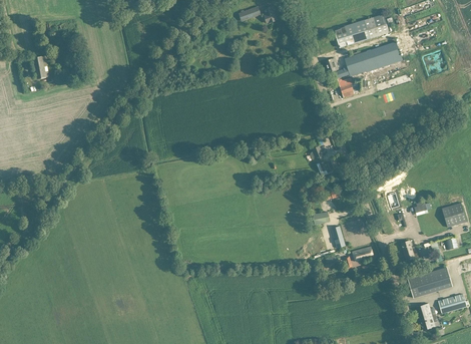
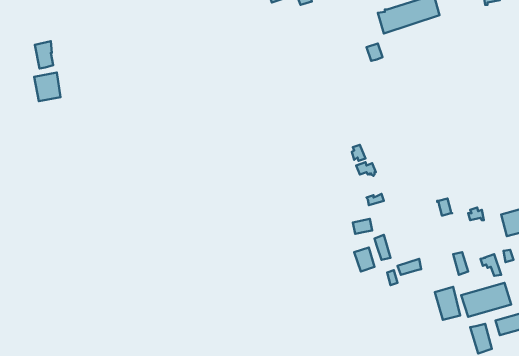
building: [336,40,403,96] -> none
building: none -> [34,73,60,101]
building: none -> [435,287,460,320]

